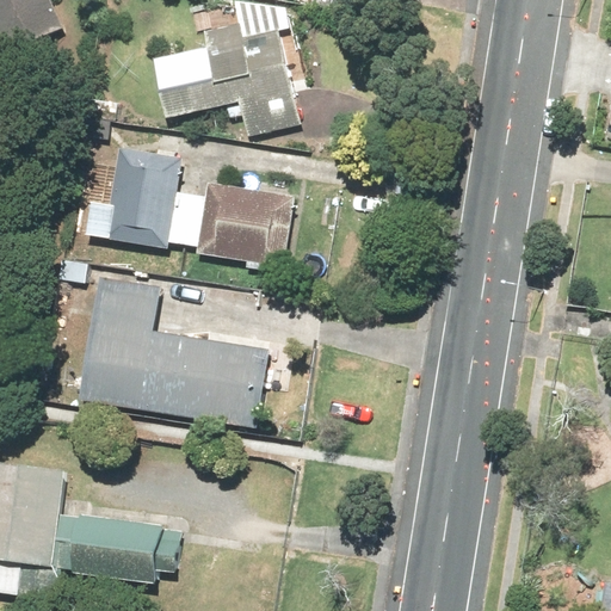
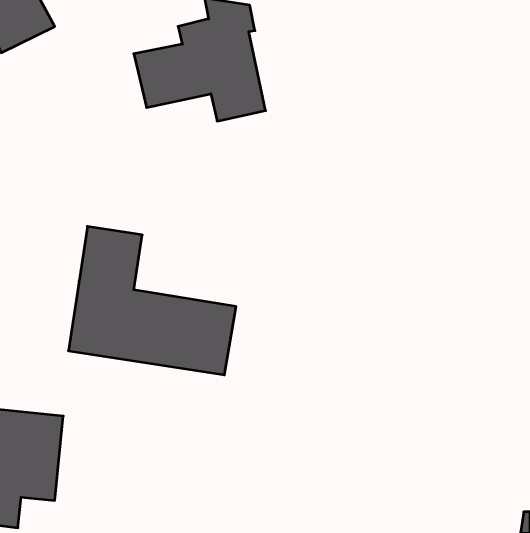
building: [86,148,197,245] -> none
building: [197,183,294,265] -> none
building: [75,519,175,586] -> none

